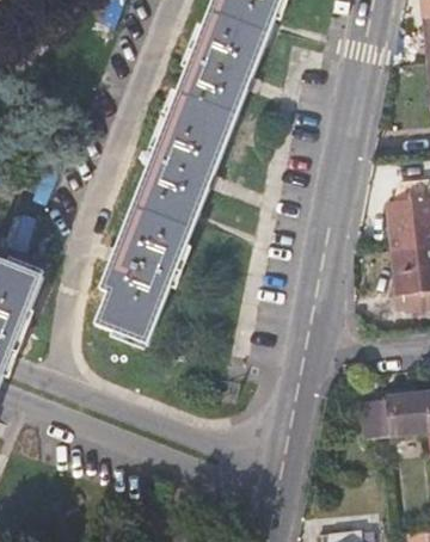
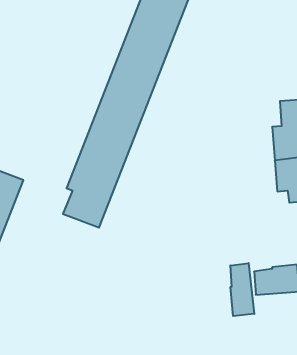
building: none -> [230,263,254,316]

